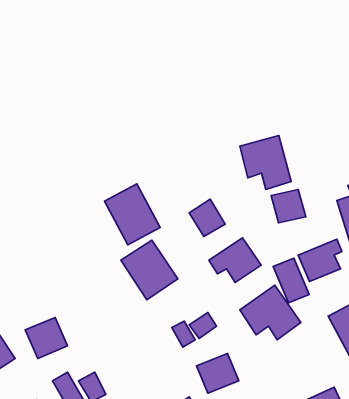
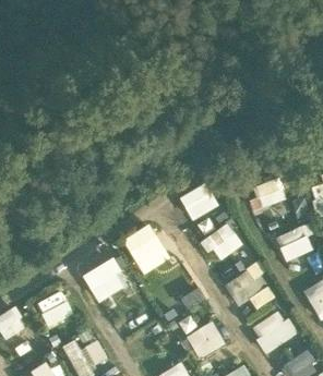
building: [240,136,291,189] -> none
building: [104,184,160,245] -> [76,250,125,303]
building: [273,258,309,303] -> none
building: none -> [251,311,295,352]

